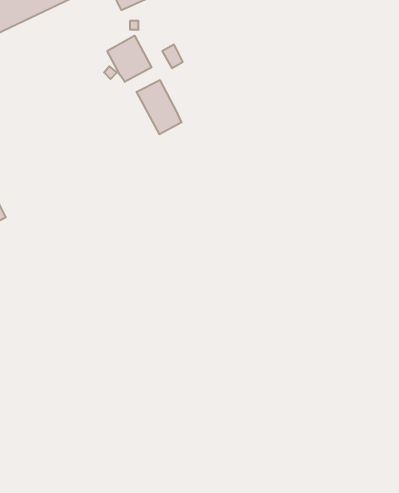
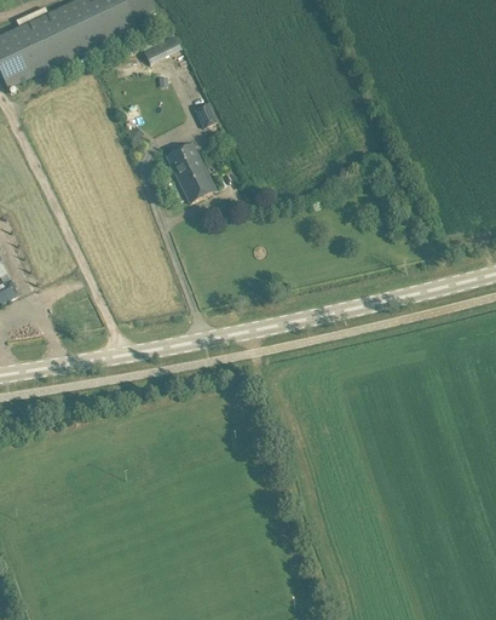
building: [107,36,151,82] -> none

